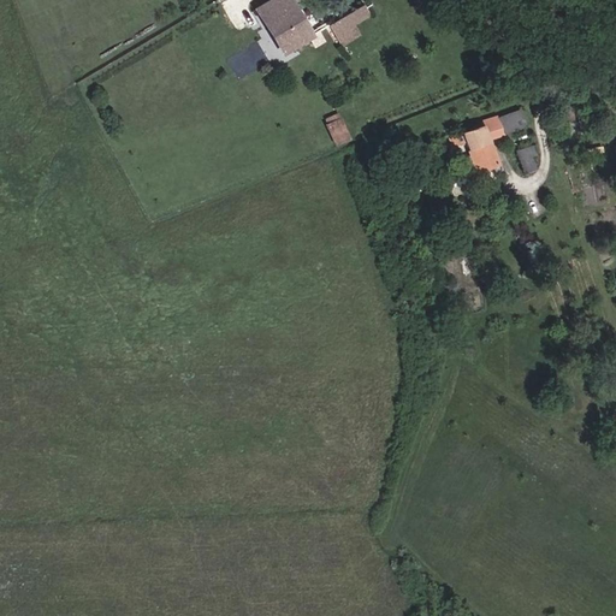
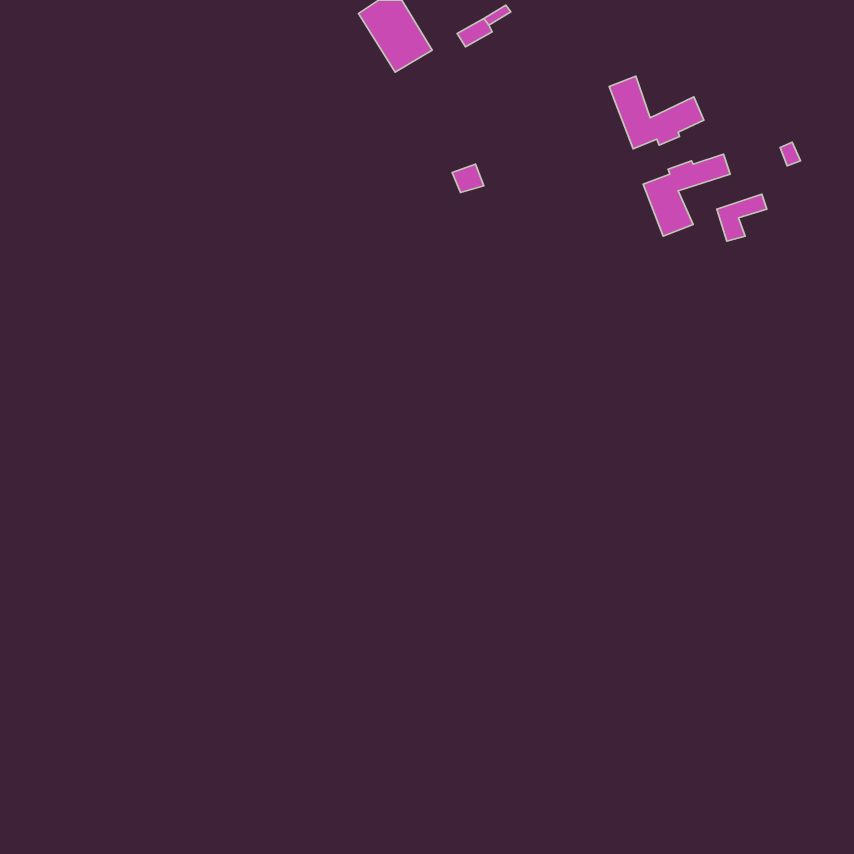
building: none -> [609,76,704,149]

